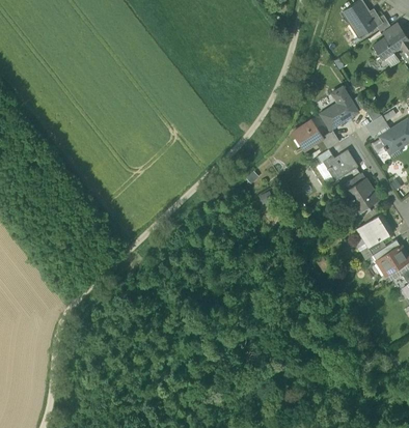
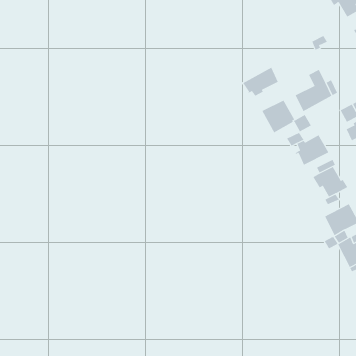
building: none -> [243,67,278,97]

